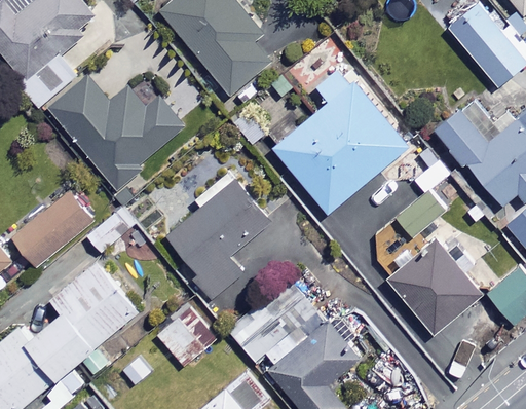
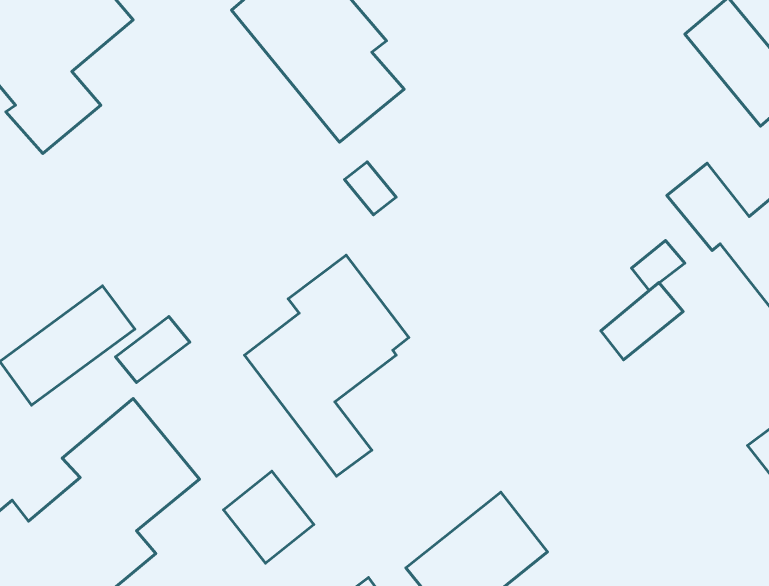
building: [273,65,406,213] -> none
building: [49,76,184,187] -> none
building: [388,243,479,333] -> none
building: [228,278,325,363] -> none

